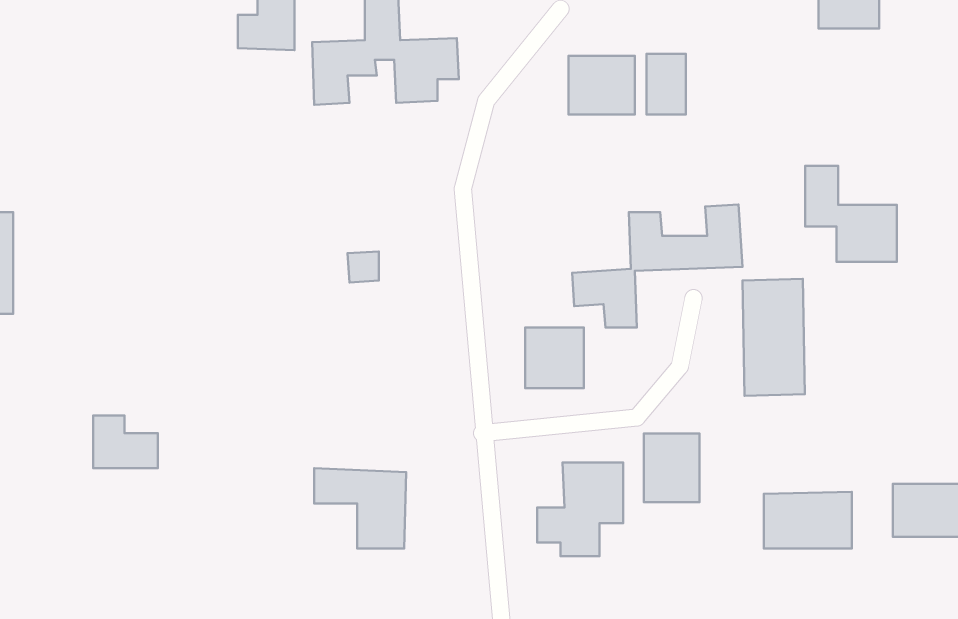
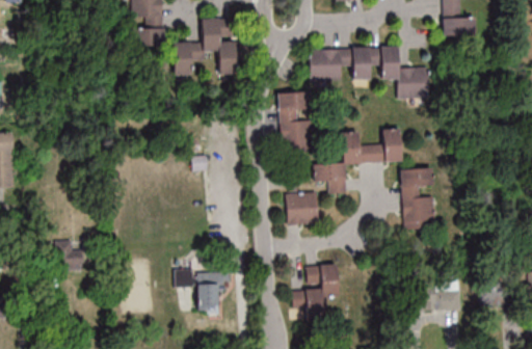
building: none -> [278,90,312,146]
building: [805,166,897,262] -> [380,47,429,98]
building: [644,433,699,502] -> none

